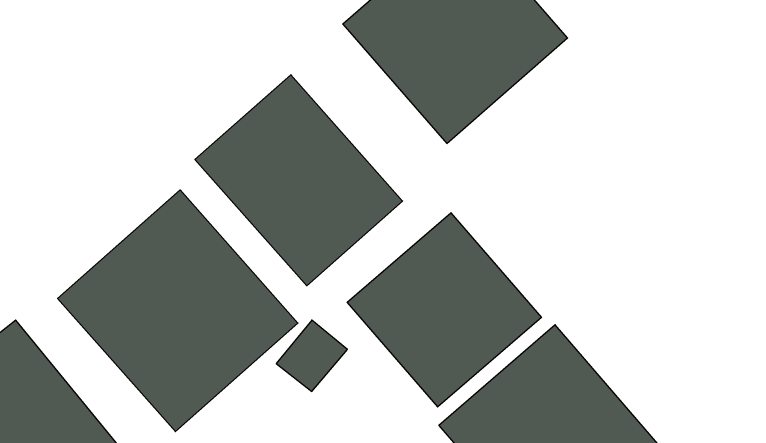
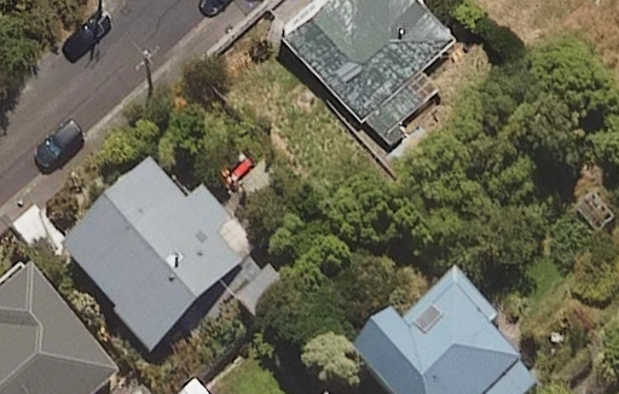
building: [195,75,403,286] -> none
building: [347,213,541,407] -> none

